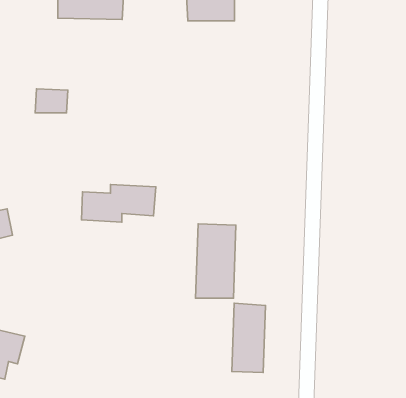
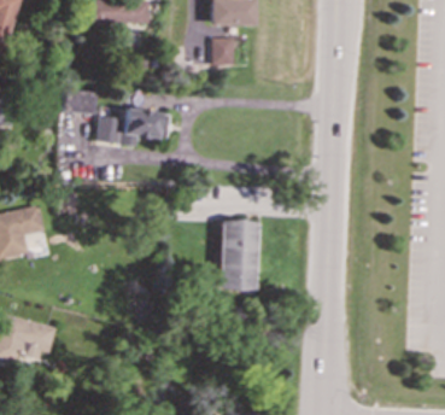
building: none -> [212,36,235,63]
building: [81,184,156,222] -> [98,109,169,145]
building: [232,303,265,373] -> none

